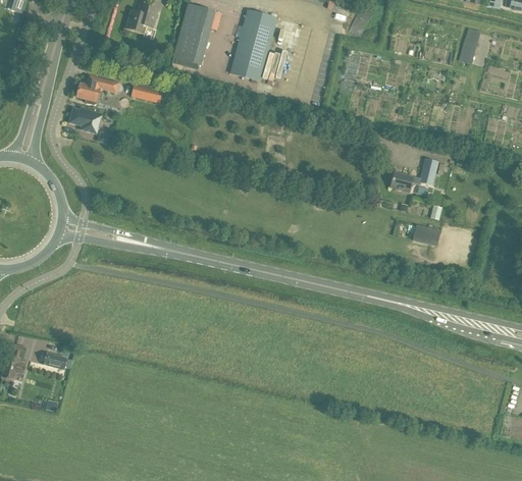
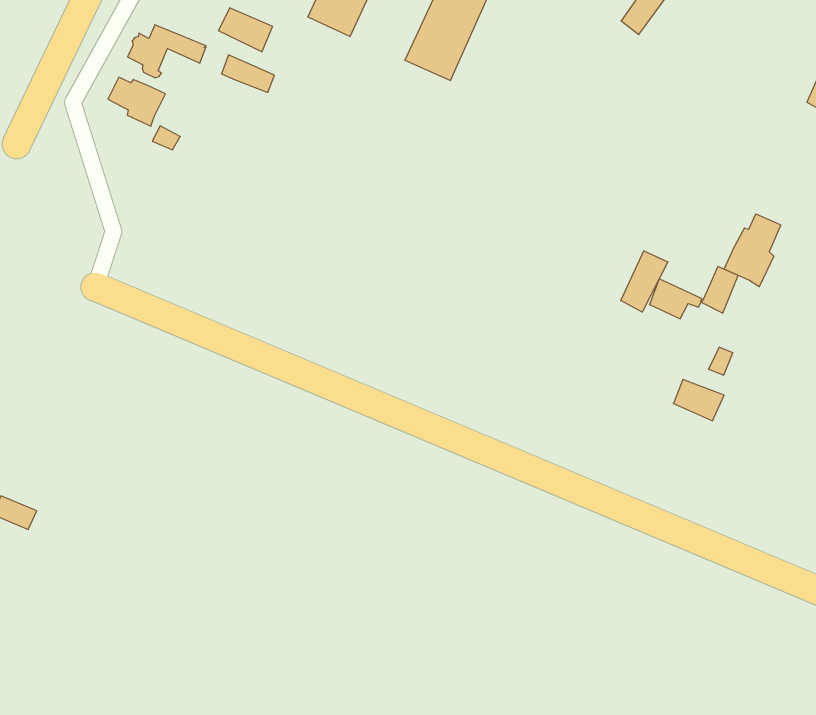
building: none -> [219,8,273,52]
building: none -> [724,214,781,287]
building: none -> [621,251,668,312]

